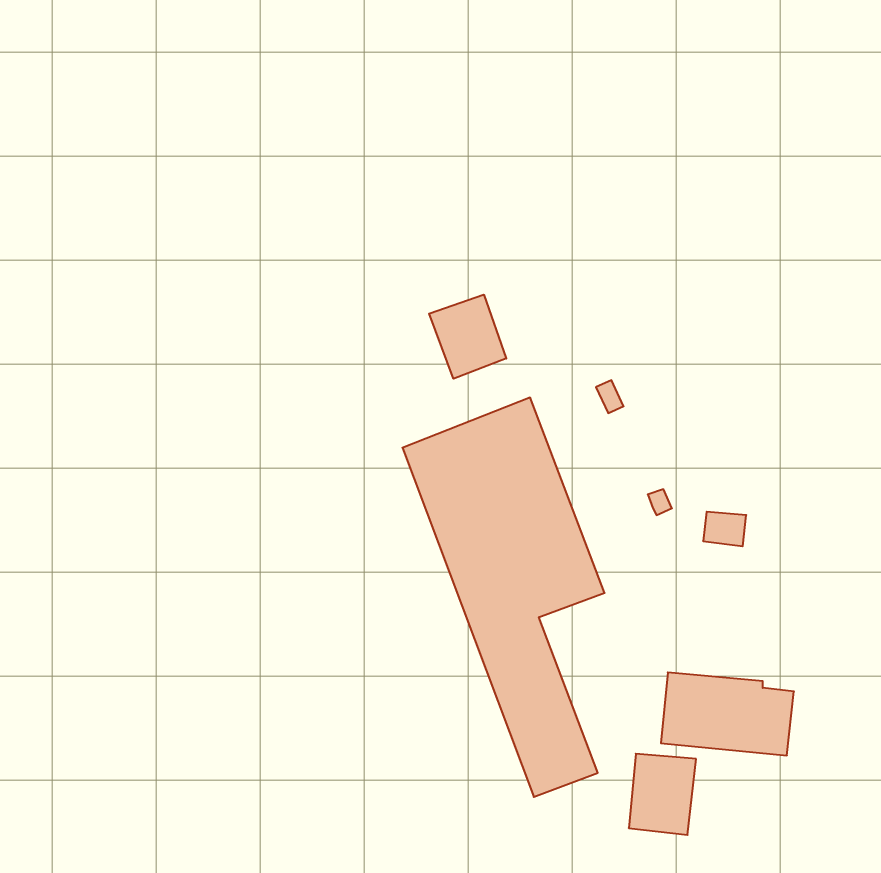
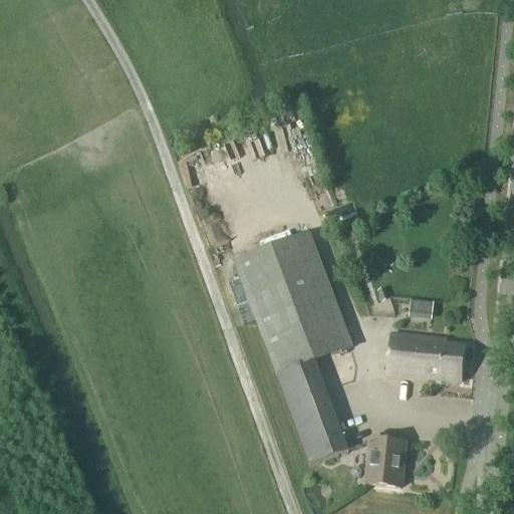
building: [429,295,506,379] -> none
building: [661,672,794,755] -> [387,331,464,379]

